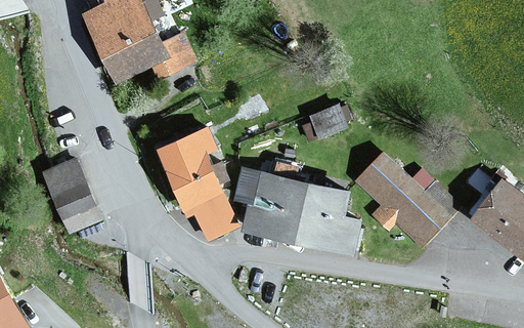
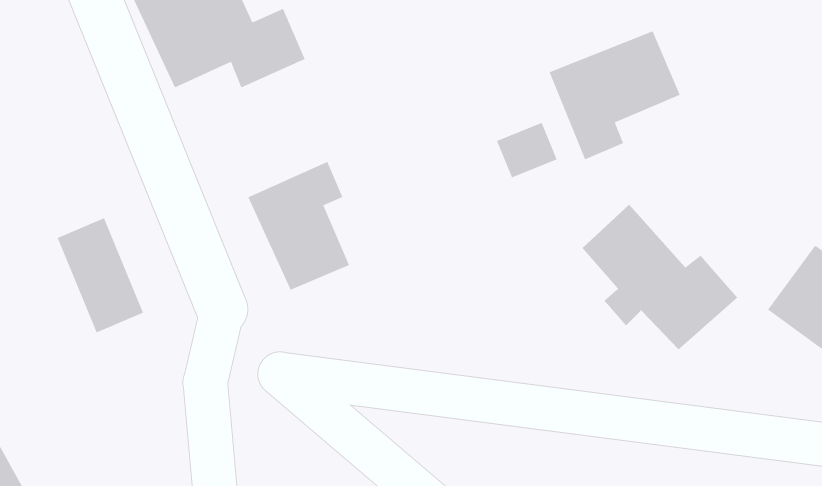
building: none -> [549,30,680,160]
building: [236,170,360,250] -> none
building: [184,191,236,240] -> none

